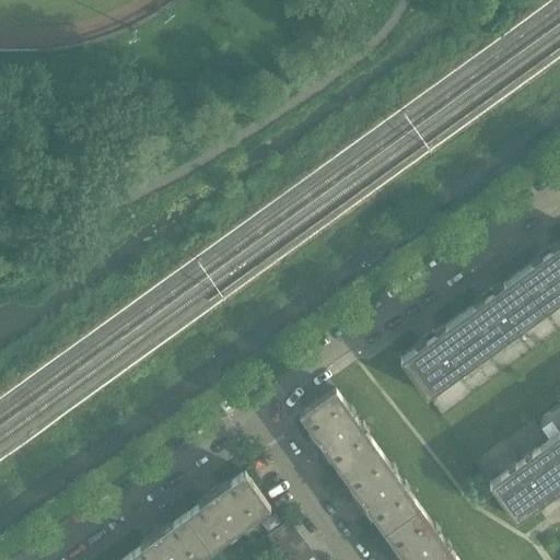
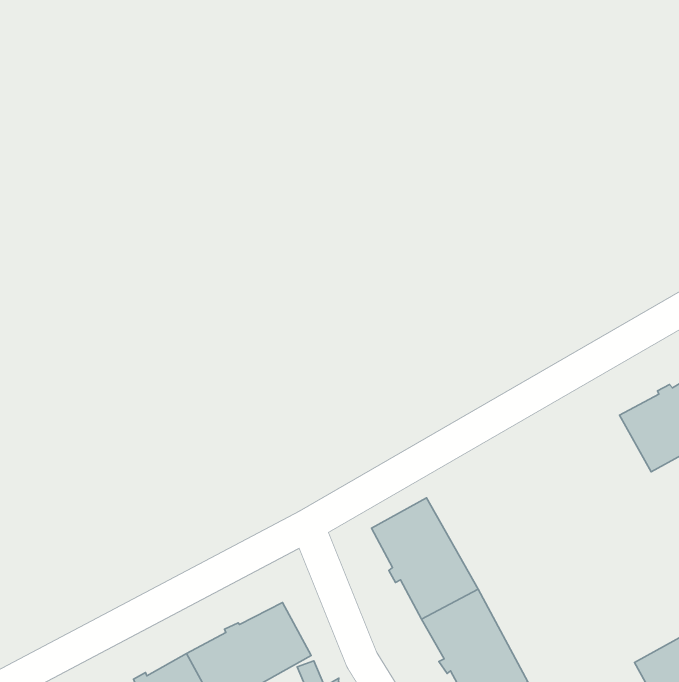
building: [402,320,487,398] -> none

